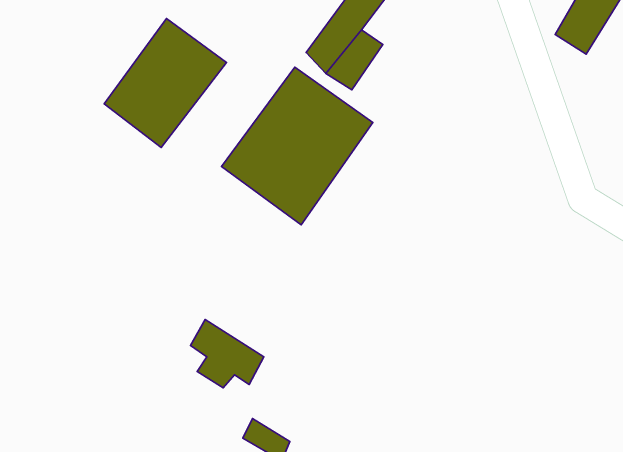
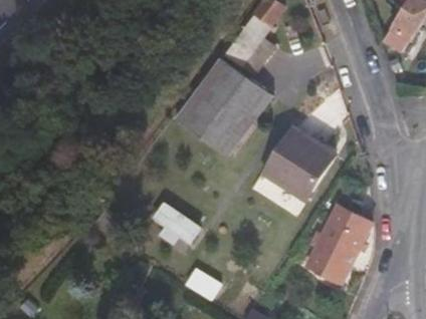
building: [104,19,226,147] -> none
building: none -> [263,123,332,194]
building: none -> [308,207,375,283]

